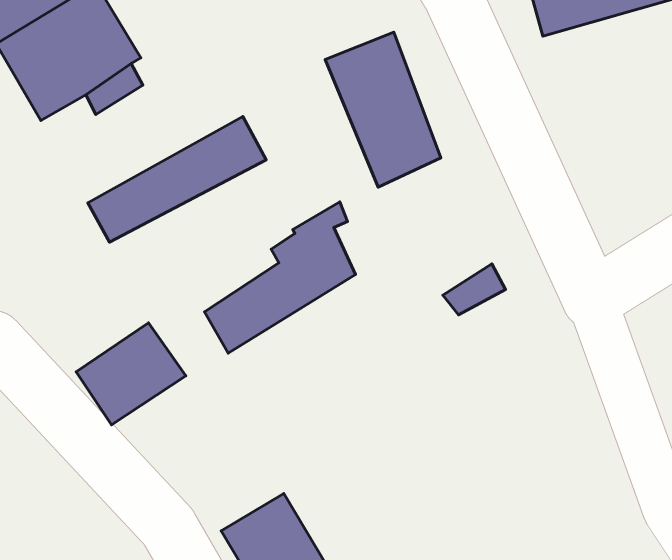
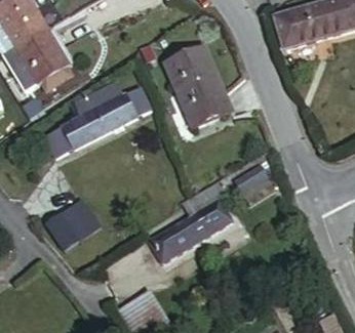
building: [204,202,355,353] -> [147,185,226,264]

